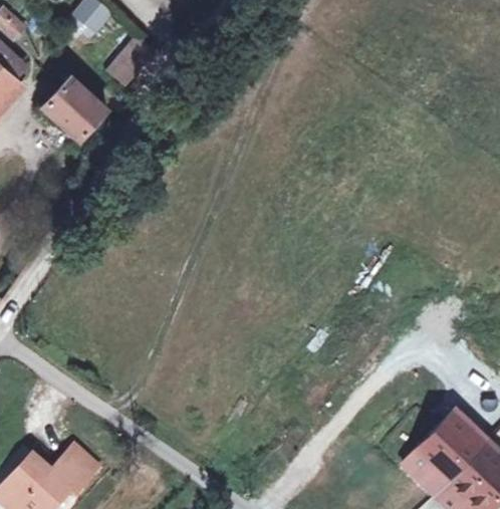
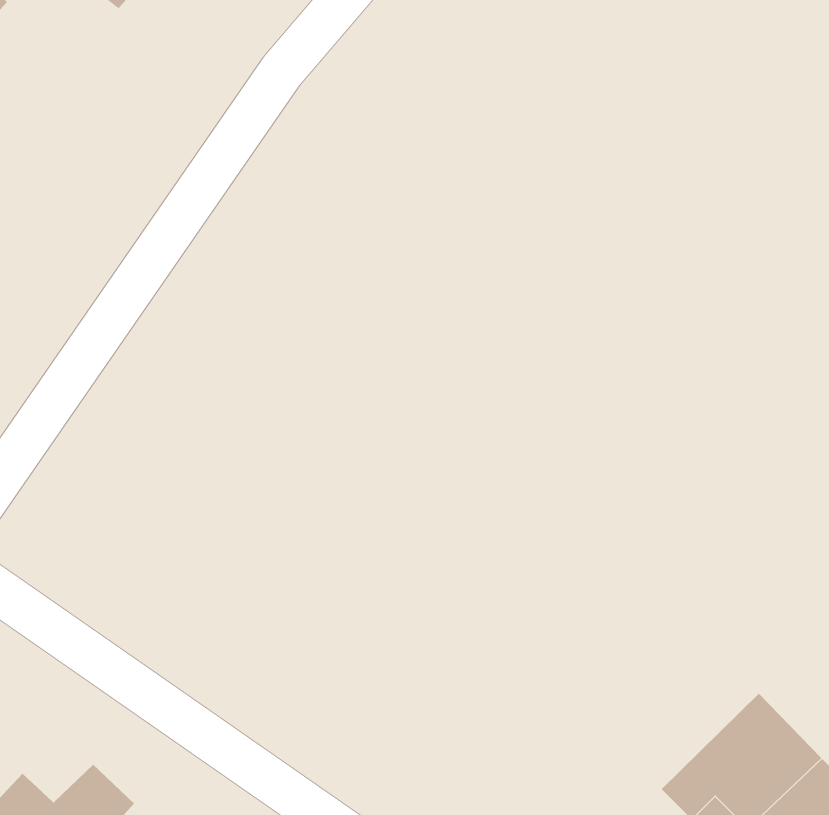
building: [107,36,153,84] -> none
building: [42,76,105,137] -> none

